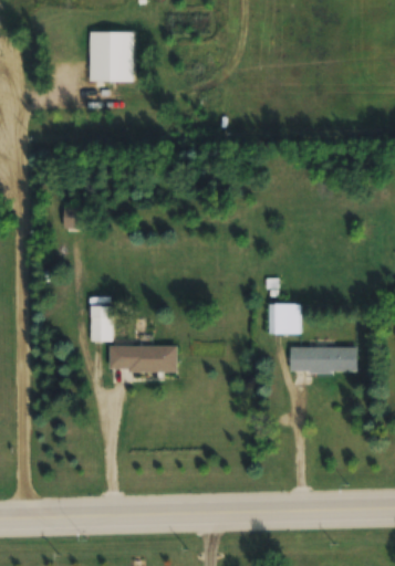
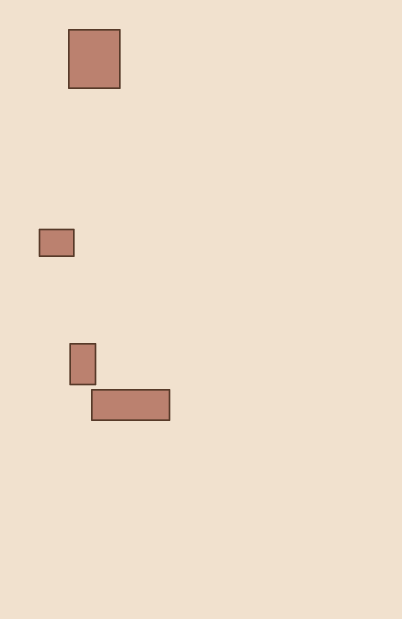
building: [268,303,301,334] -> none
building: [290,346,357,371] -> none

